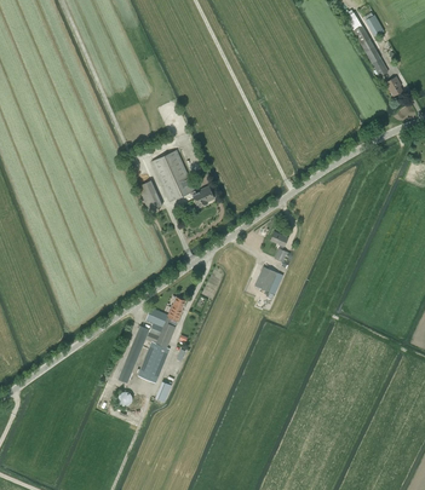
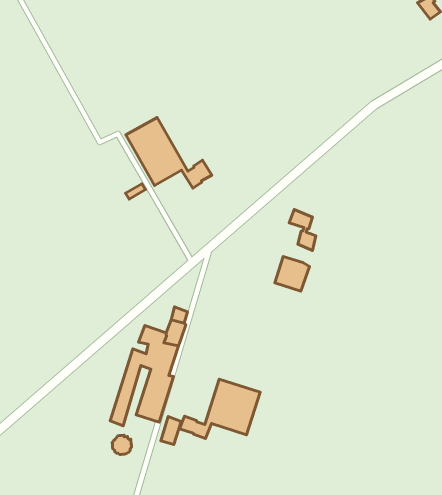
building: none -> [180,379,260,438]

